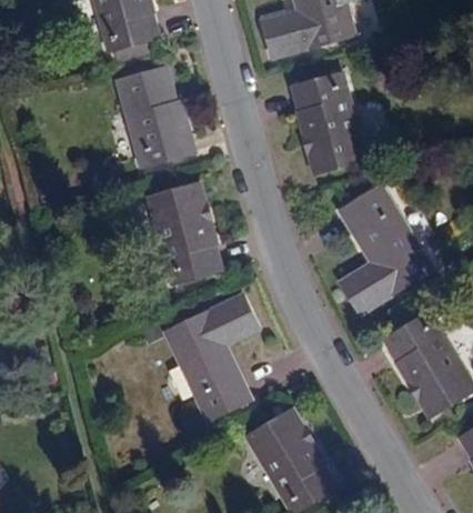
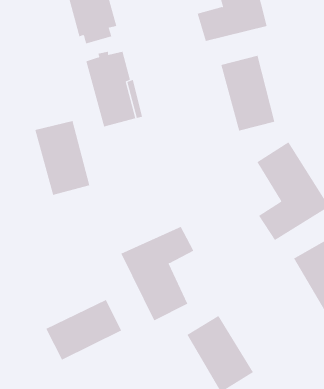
building: [148,184,220,282] -> [35,120,90,196]
building: none -> [46,299,122,361]

